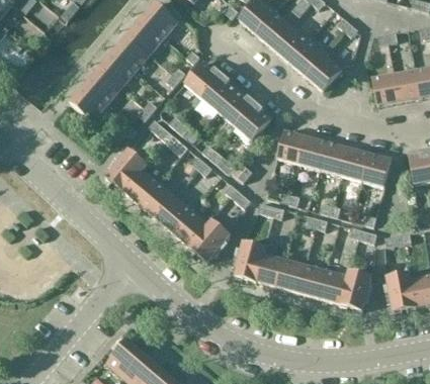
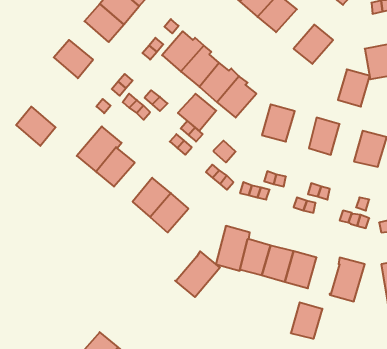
building: [289,40,325,77] -> none
building: [98,52,135,87] -> none
building: [70,85,106,121] -> [16,107,56,146]
building: none -> [178,94,216,131]
building: [298,134,327,169] -> none
building: [340,147,369,181] -> [338,69,370,107]
building: [140,182,175,218] -> none
building: [188,219,230,262] -> [175,251,220,297]
building: [319,270,348,303] -> [291,302,323,339]

